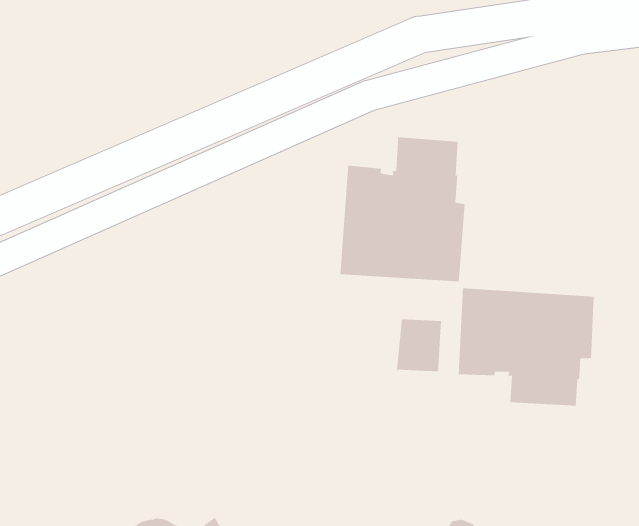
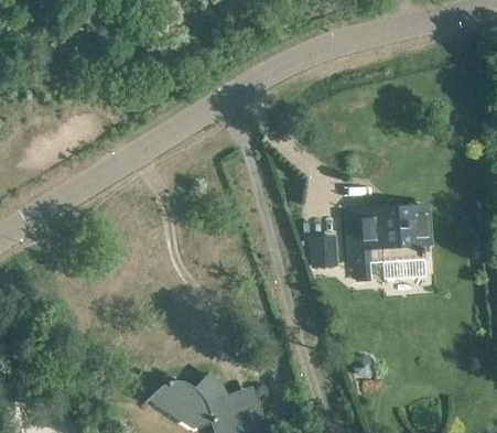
building: [340,136,465,282] -> none

